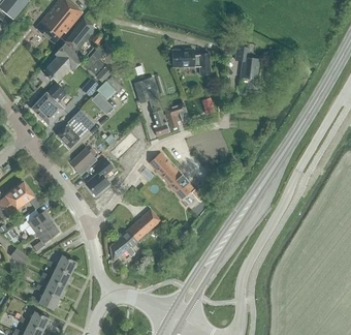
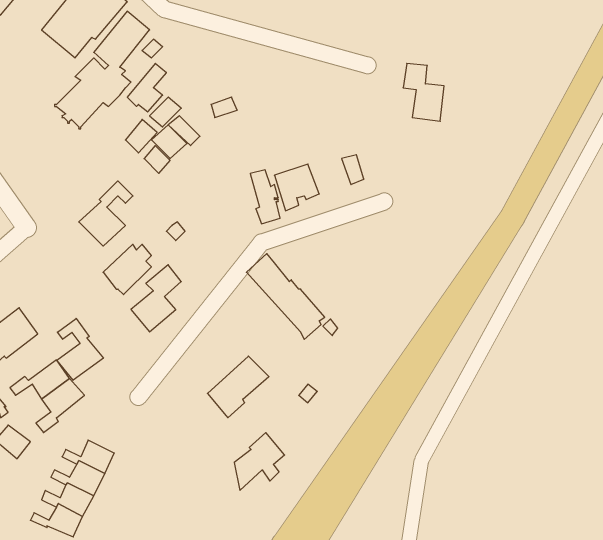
building: [172,50,211,74] -> none
building: [134,77,161,102] -> none
building: [32,83,66,125] -> none
building: none -> [57,318,103,380]
building: [110,230,138,262] -> [234,433,285,490]

